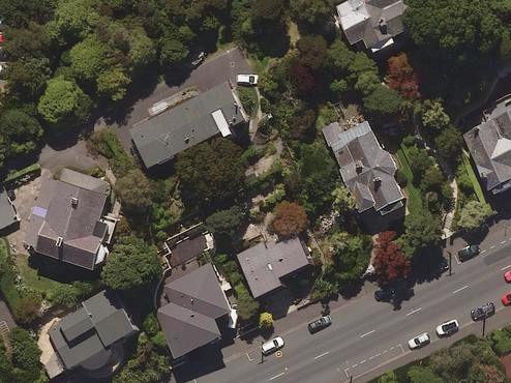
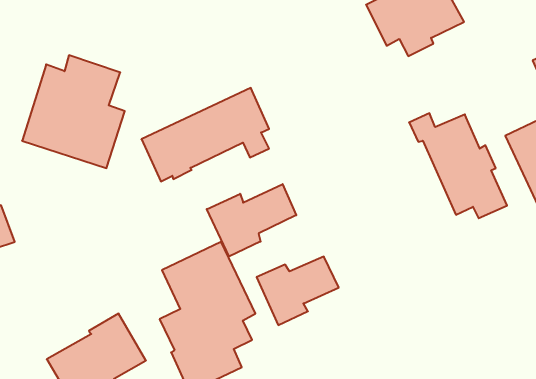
building: [318,120,407,215] -> [409,113,507,218]
building: [23,169,116,271] -> [22,55,125,168]
building: none -> [207,184,296,257]

